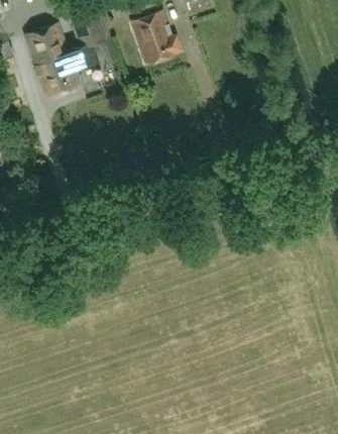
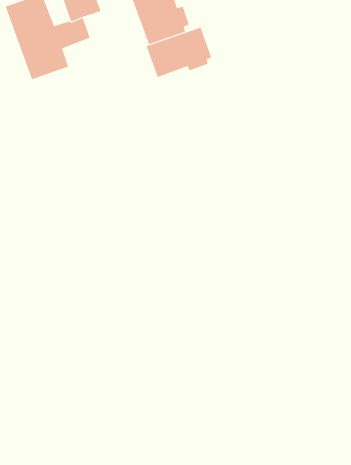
building: none -> [146,27,212,78]

